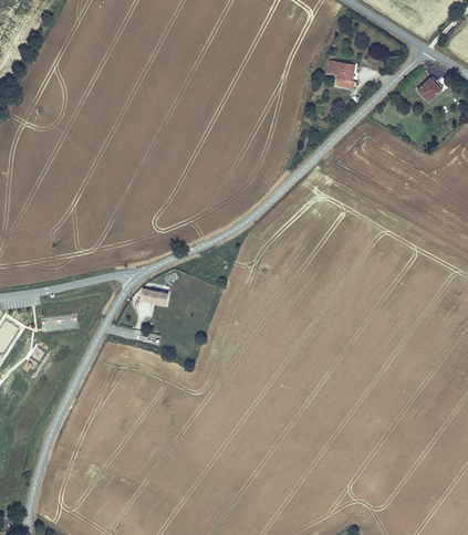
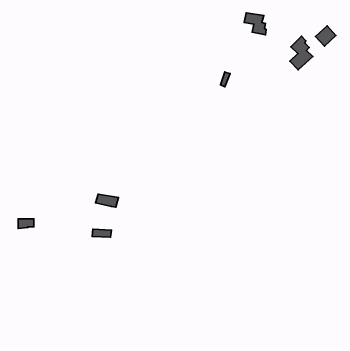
building: none -> [290,36,313,70]

